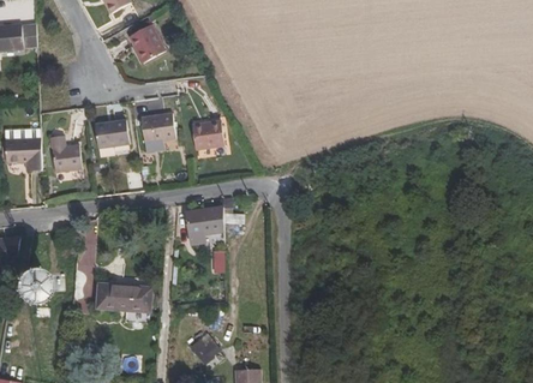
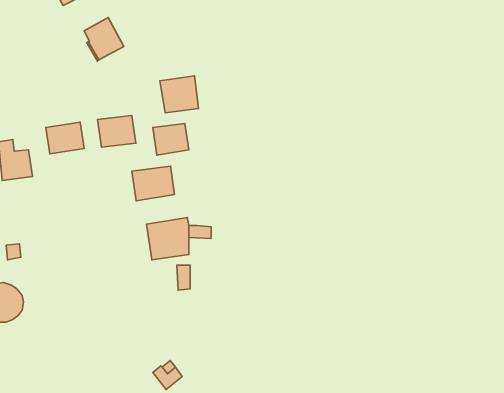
building: none -> [160,76,198,113]
building: none -> [132,166,175,201]
building: [96,282,151,312] -> none

